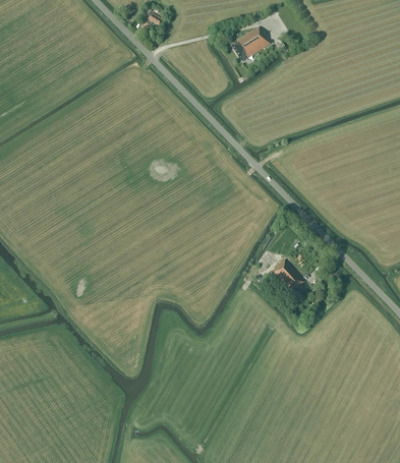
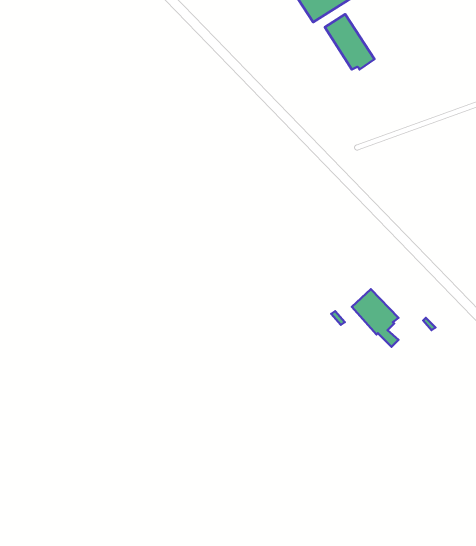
building: none -> [325,14,374,70]

